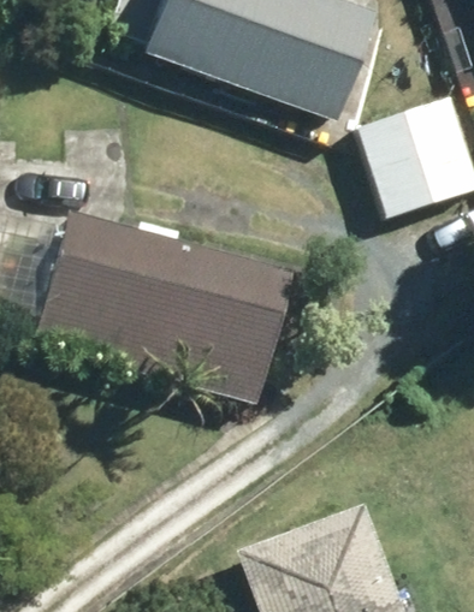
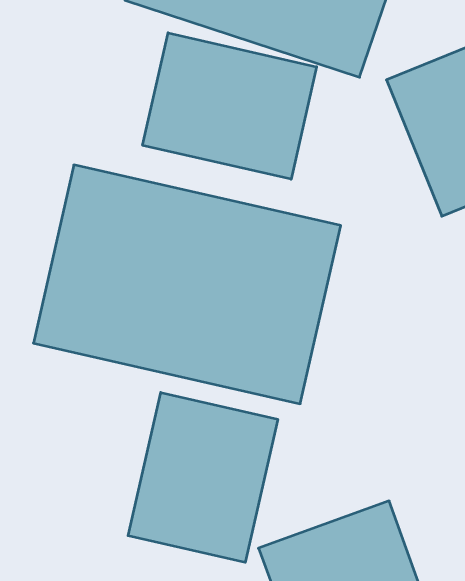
building: none -> [143,33,317,179]
building: none -> [128,392,278,562]

